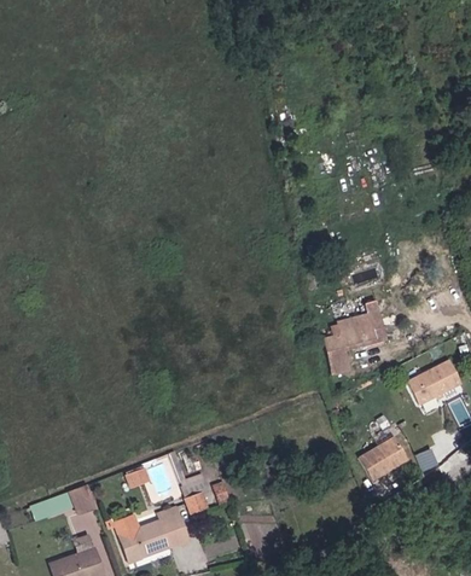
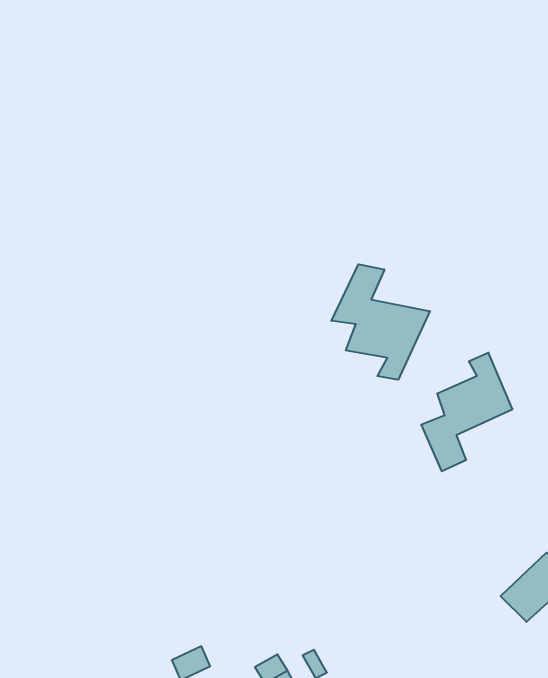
building: none -> [331,264,430,380]

